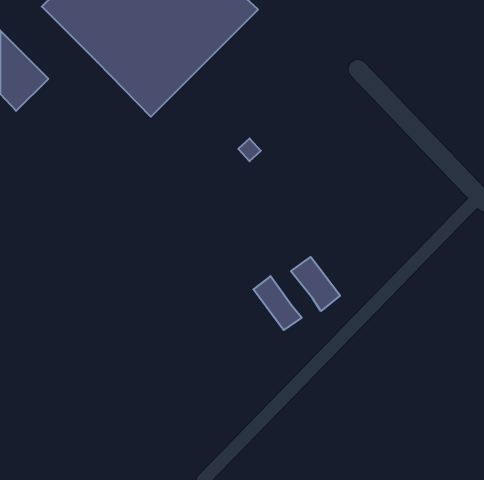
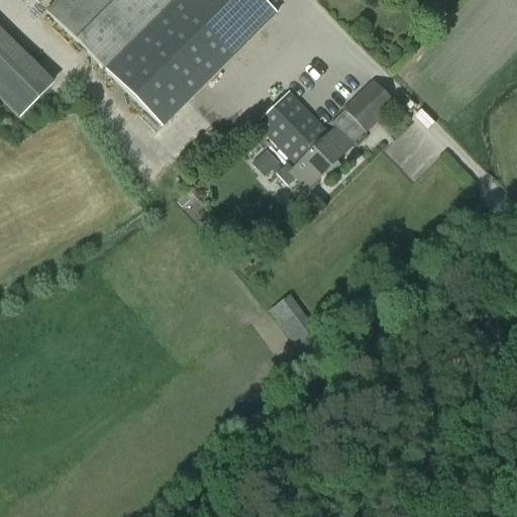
building: none -> [256,77,396,187]
building: [291,257,340,311] -> none

